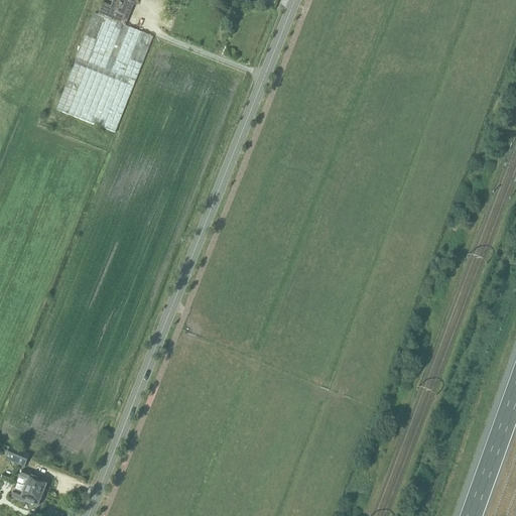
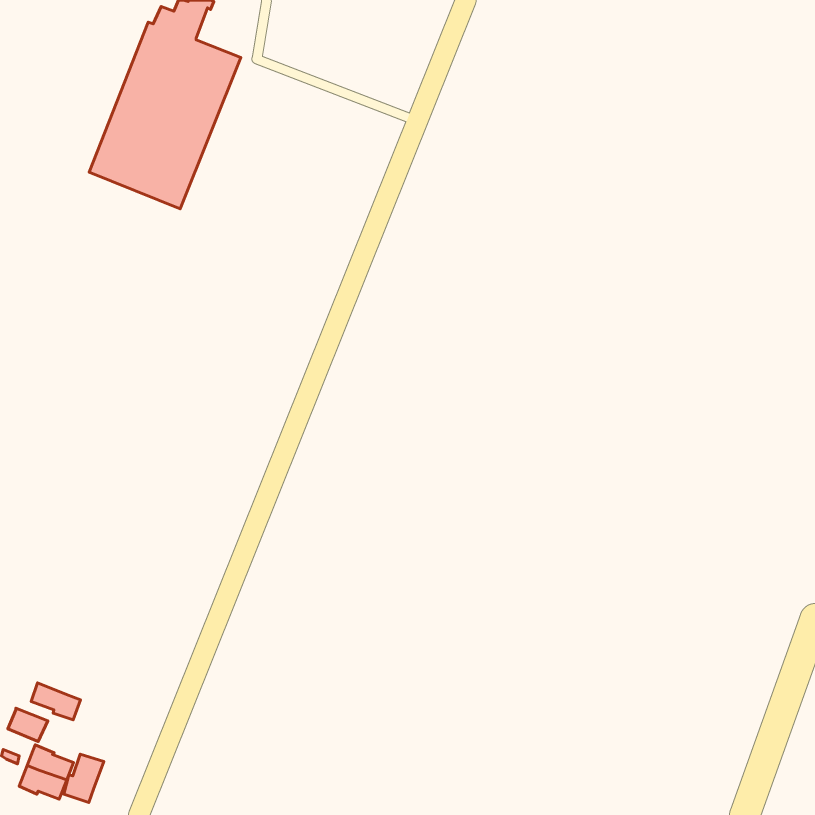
building: none -> [31,683,80,720]
building: none -> [64,754,104,803]

